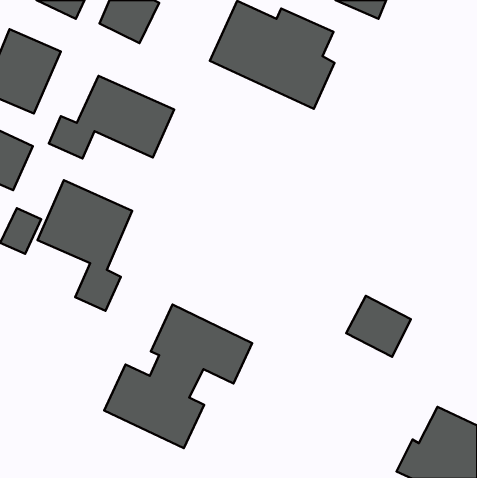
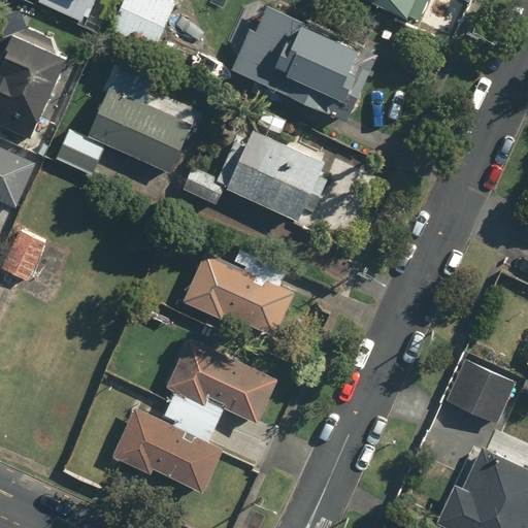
building: none -> [180,130,324,221]
building: [37,180,132,311] -> none
building: none -> [182,254,294,342]
building: [346,296,411,357] -> [444,358,516,425]

